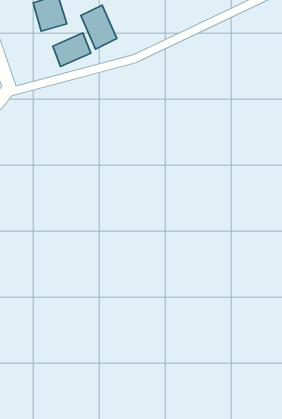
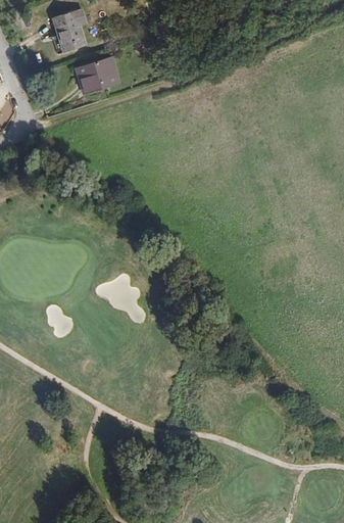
building: [81,5,117,49] -> none

